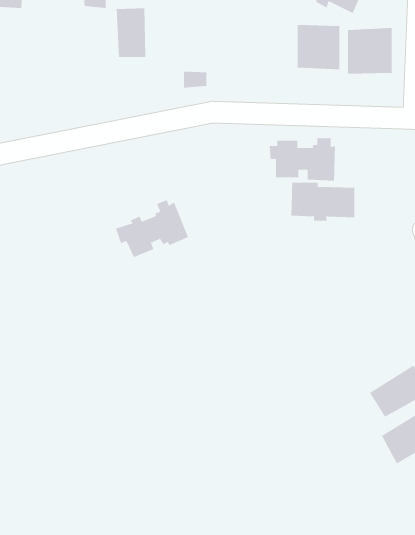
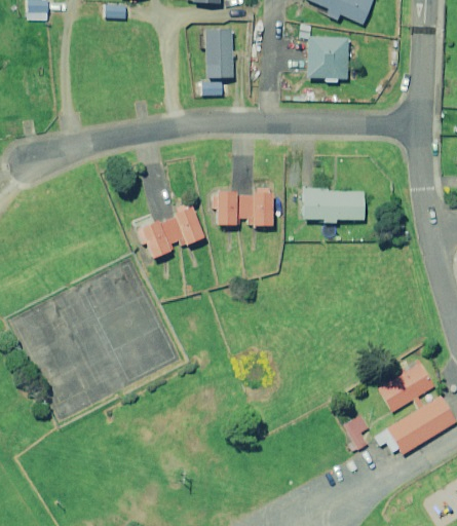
building: [116,8,146,57] -> [204,30,233,77]
building: [348,27,392,75] -> none
building: [269,138,336,181] -> [211,187,274,228]
building: none -> [343,414,368,451]

